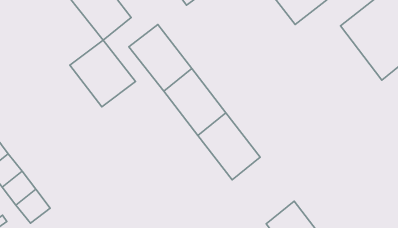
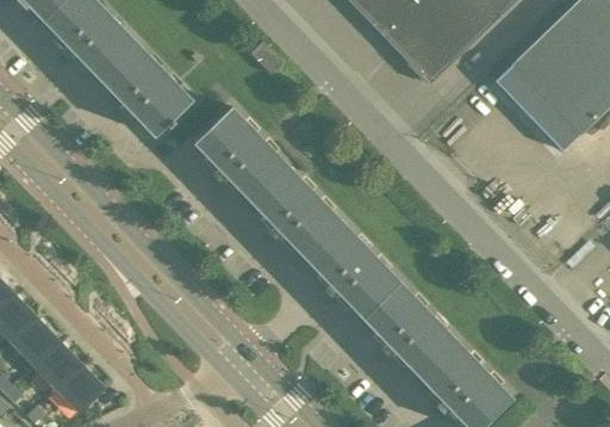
building: [70,40,136,107] -> none
building: none -> [362,281,455,377]

